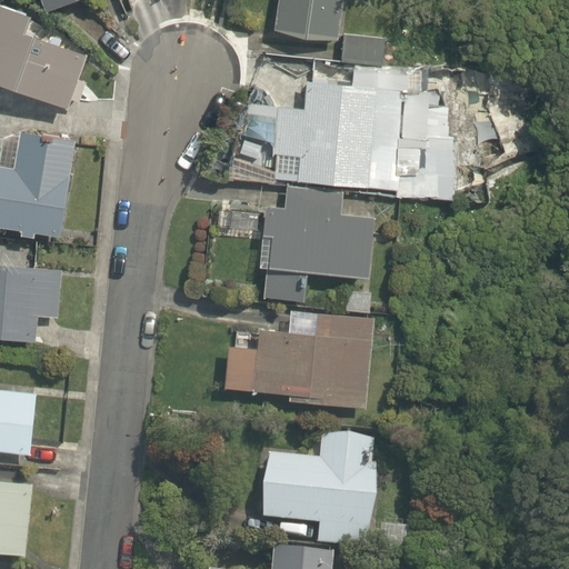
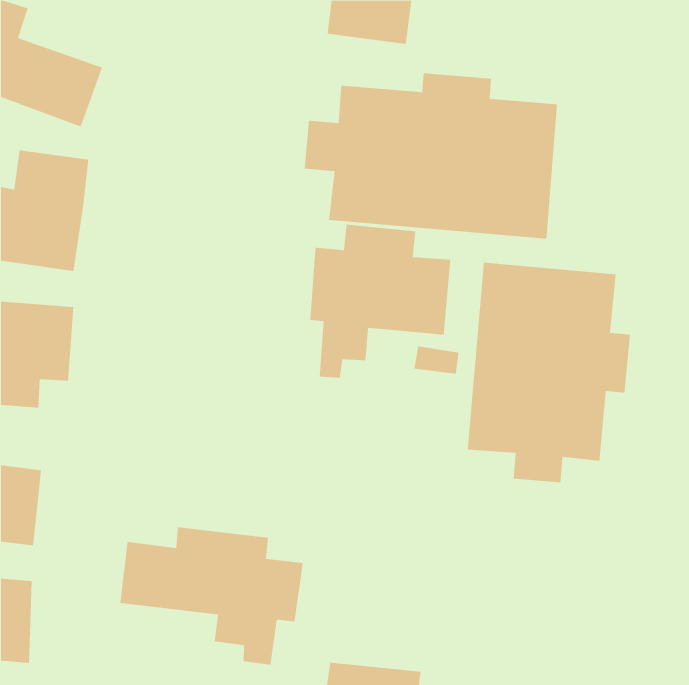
building: none -> [467,262,630,483]
building: [220,312,373,403] -> none
building: [256,435,379,549] -> none
building: none -> [120,526,303,666]

